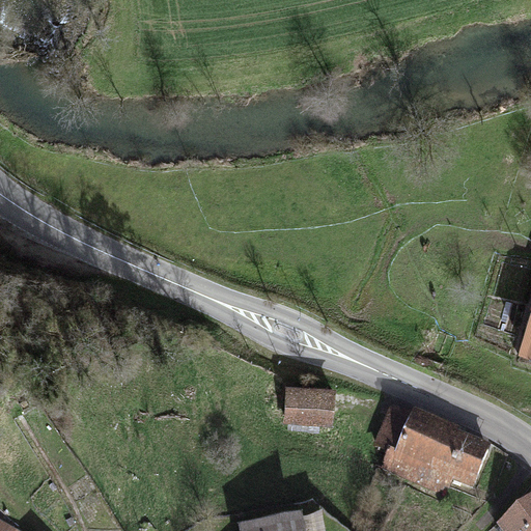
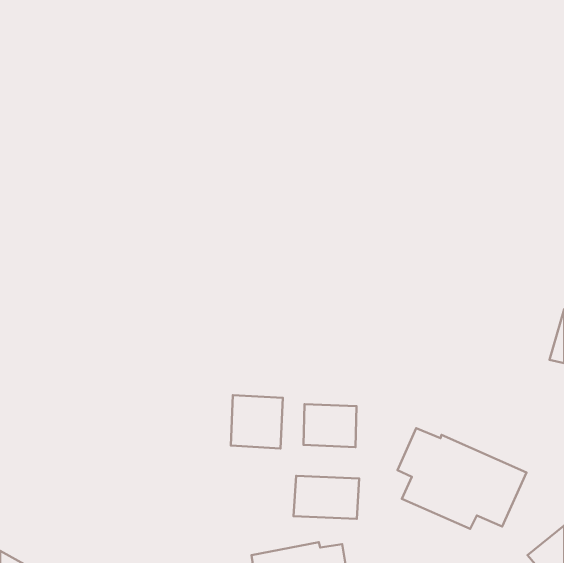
building: none -> [231,395,283,448]
building: none -> [294,476,359,519]

